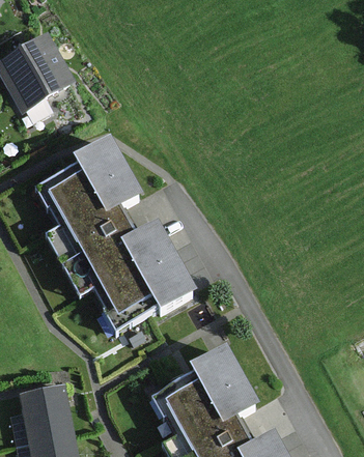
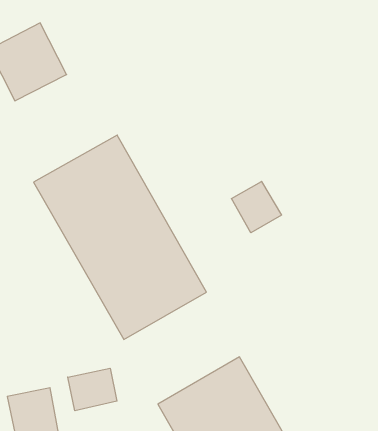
building: none -> [231,181,282,233]
building: none -> [68,368,117,411]

